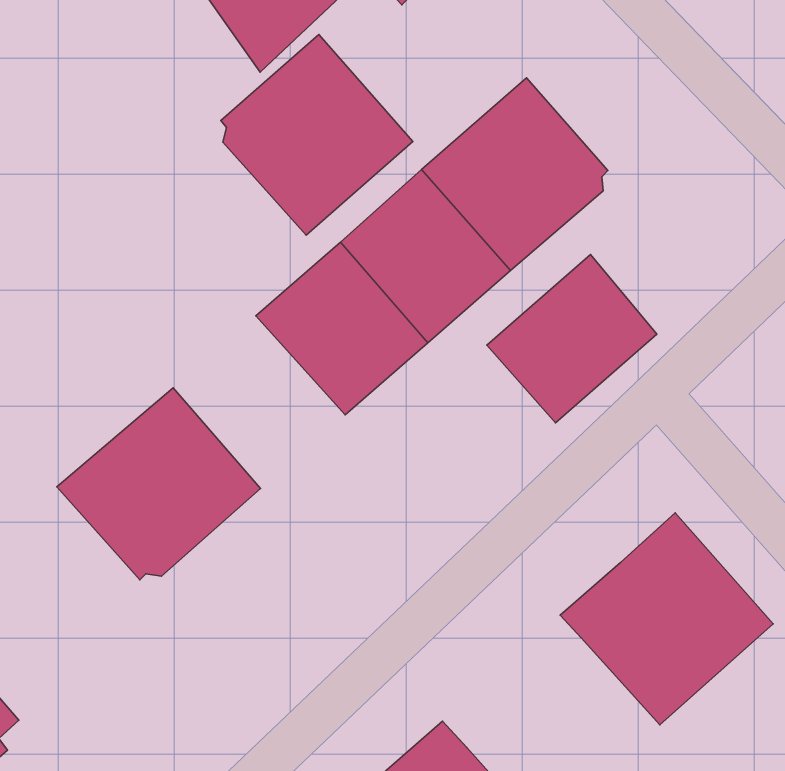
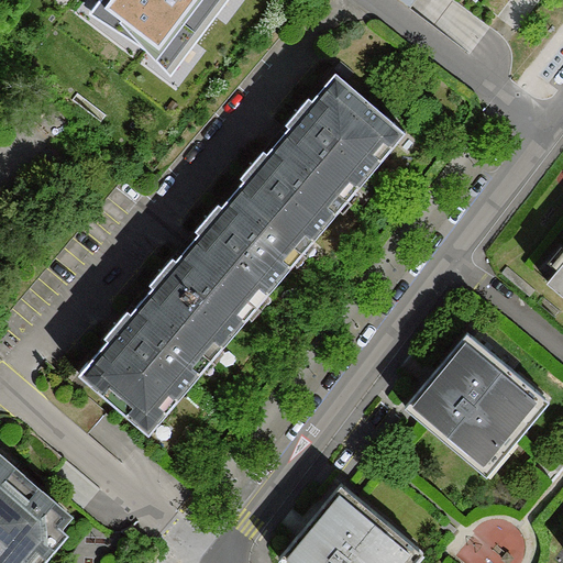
building: [221,35,413,235] -> none
building: [487,255,657,423] -> none
building: none -> [144,249,254,356]

